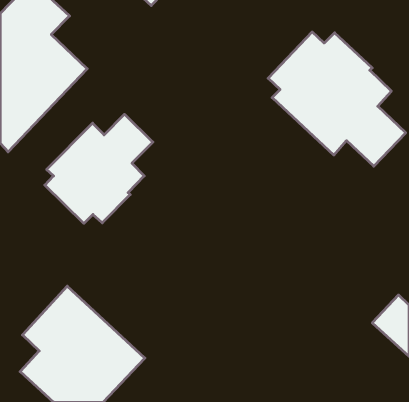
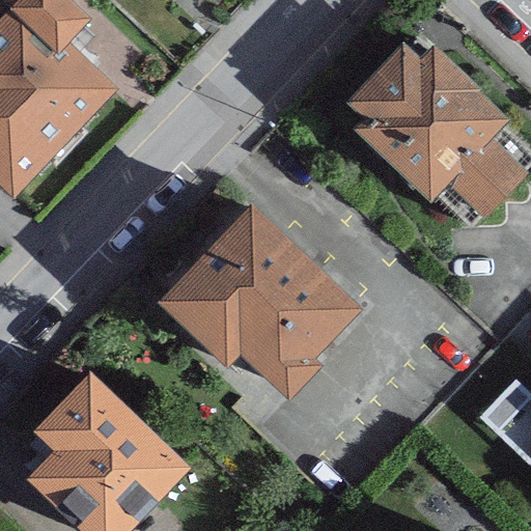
building: [45,114,153,223] -> none
building: none -> [156,204,360,403]

